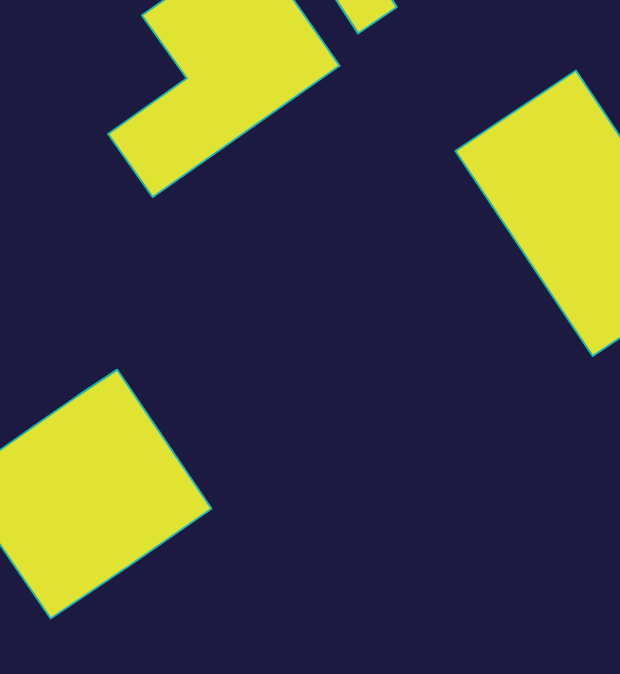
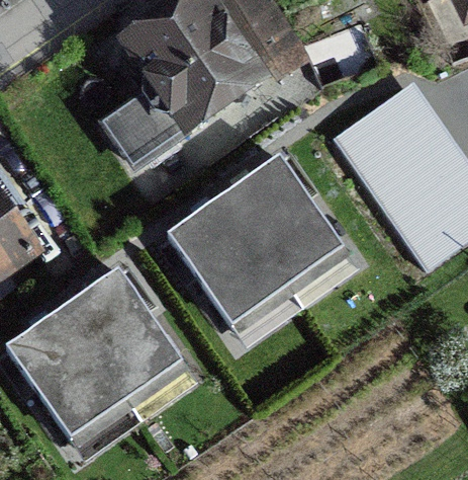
building: none -> [175,162,343,325]

